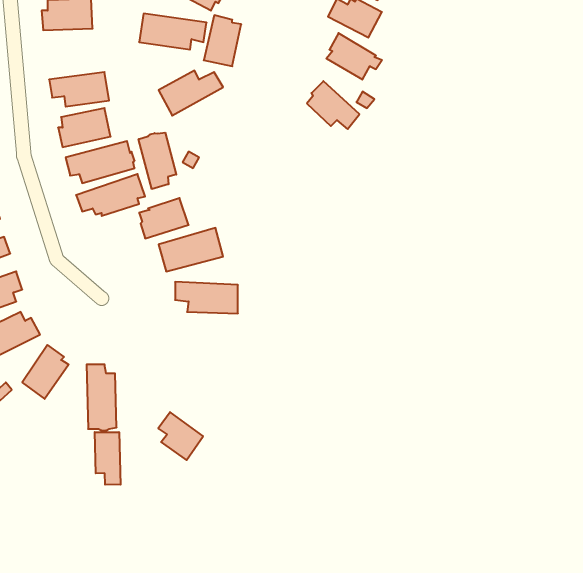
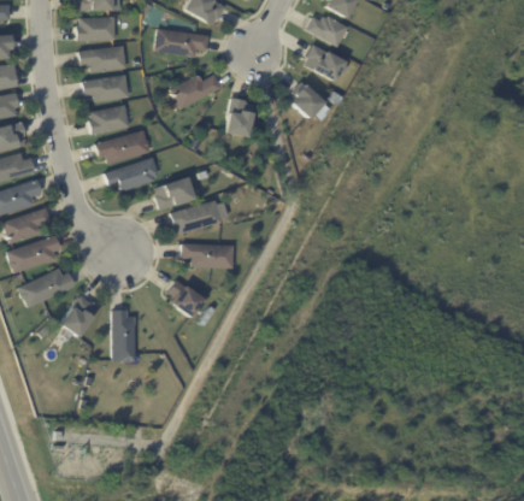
building: [204,15,241,66] -> [224,96,254,137]
building: none -> [78,46,128,72]
building: [139,133,176,189] -> none
building: [158,412,203,460] -> [167,279,204,318]
building: [95,432,121,485] -> none

